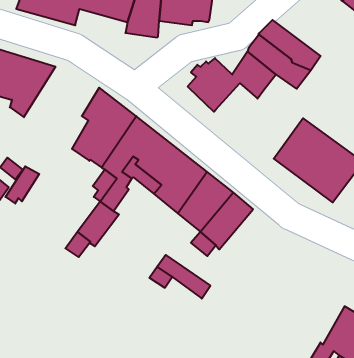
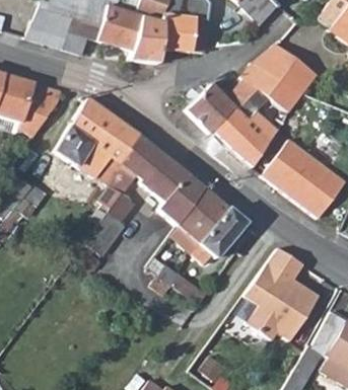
building: none -> [57,98,105,167]
building: none -> [213,106,280,168]
building: none -> [245,248,322,340]

